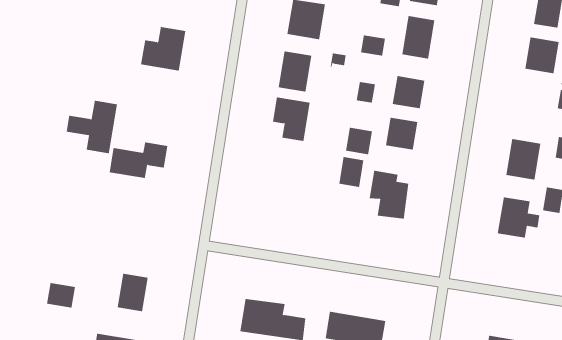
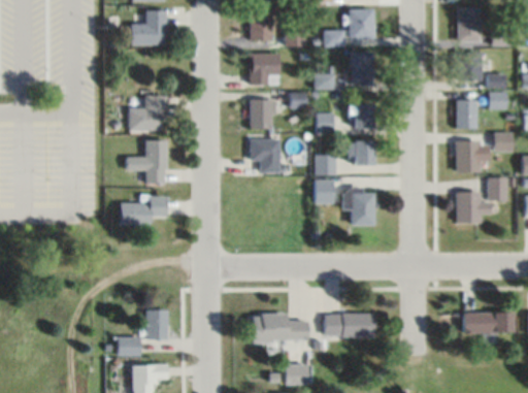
building: none -> [457,100,477,130]
building: [66,100,118,154] -> [127,140,167,184]
building: [46,283,76,308] -> [118,338,140,357]

